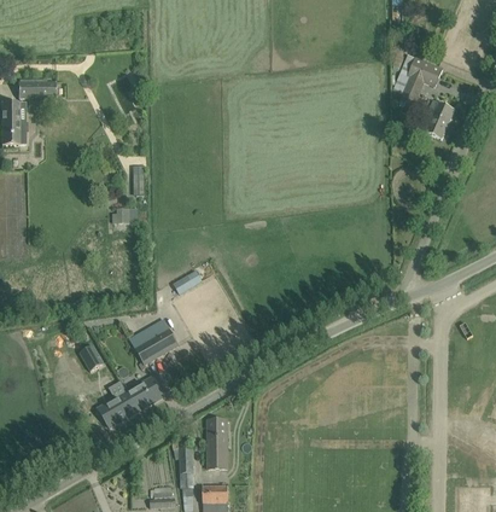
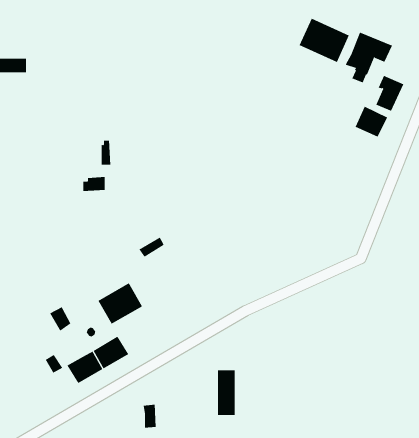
building: none -> [299,18,350,63]
building: none -> [355,106,388,138]
building: [208,420,227,469] -> [217,370,236,415]

